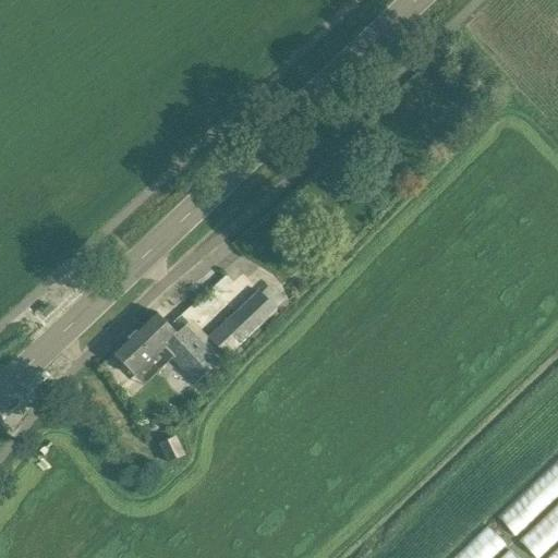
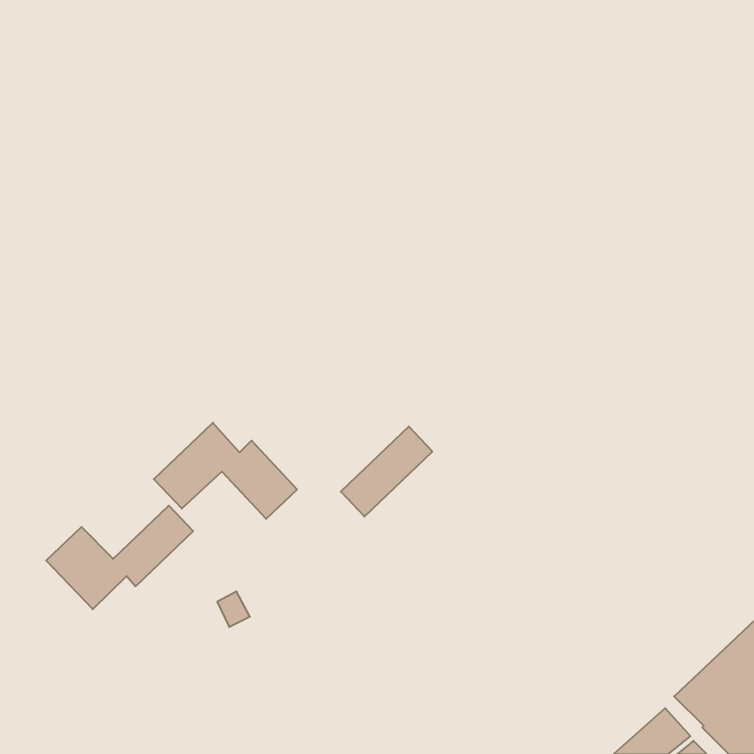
building: [210,290,278,356] -> [341,426,432,517]
building: none -> [46,506,193,609]

